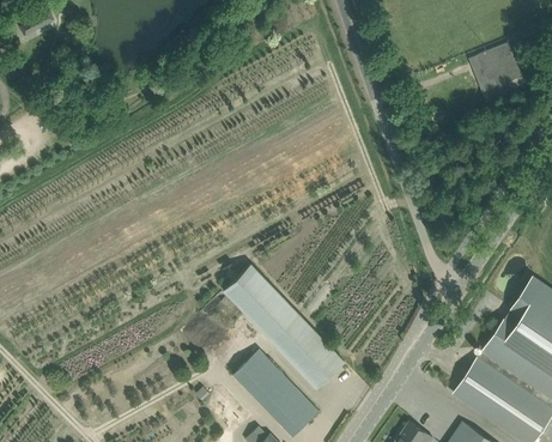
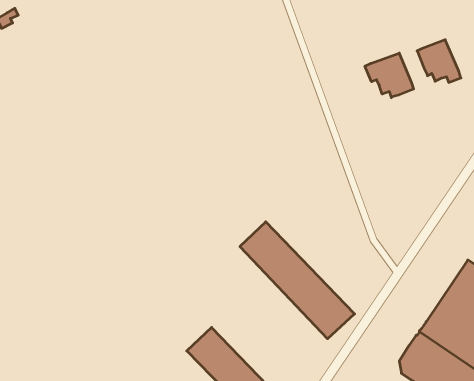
building: none -> [365,53,414,98]
building: [223,265,345,389] -> [240,222,355,339]

